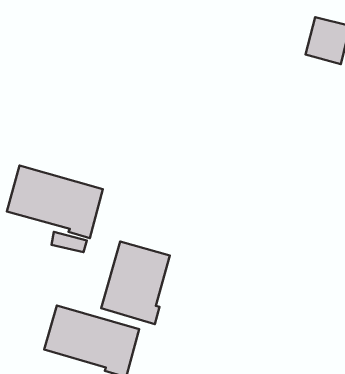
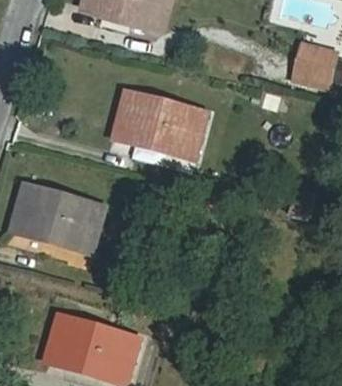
building: none -> [116,95,206,160]
building: [101,242,170,324] -> none

